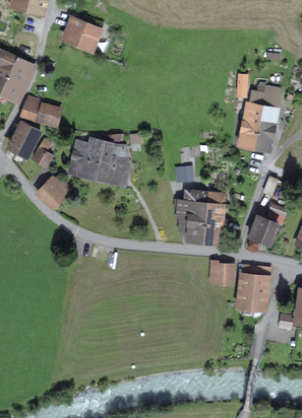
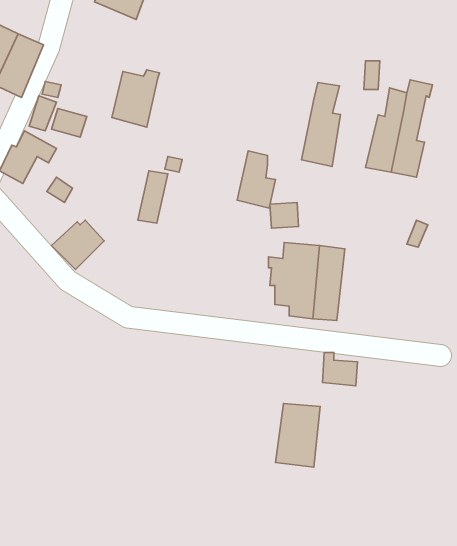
building: none -> [302,82,340,166]
building: [69,141,100,178] -> [112,70,159,127]
building: [104,148,128,185] -> [237,151,275,208]
building: [248,206,287,243] -> none
building: [238,268,266,308] -> [275,403,320,467]

